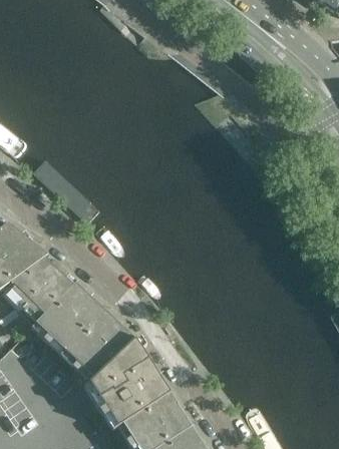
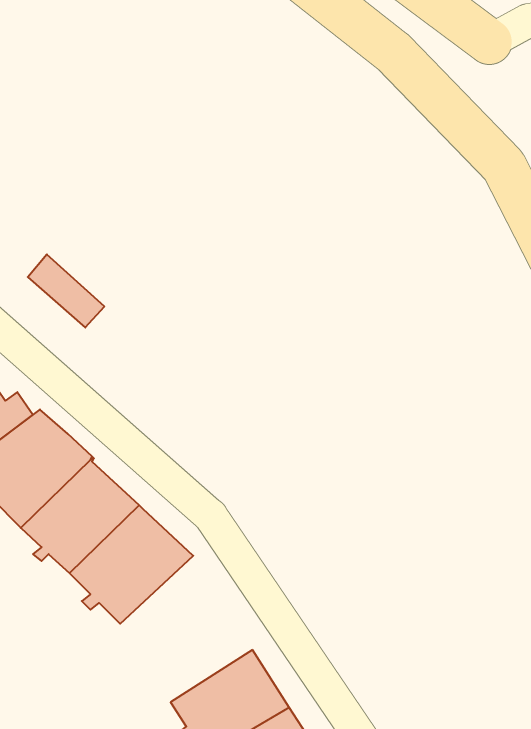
building: [92,339,168,423] -> none

